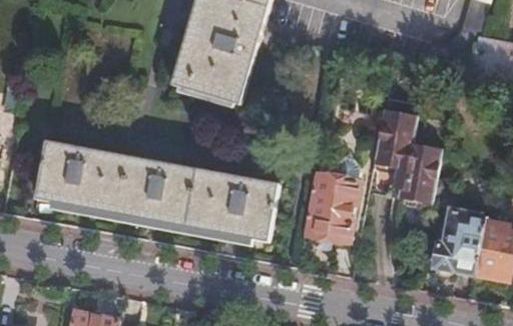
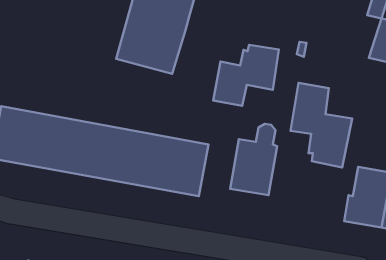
building: none -> [213,45,279,106]

